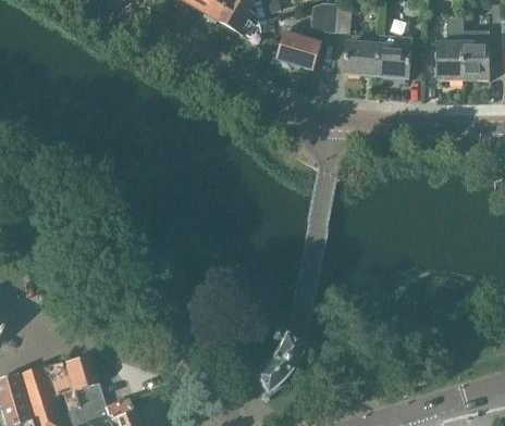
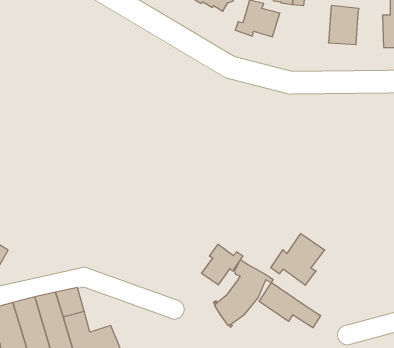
building: [344,41,379,75] -> none
building: none -> [271,234,325,285]
building: none -> [202,244,243,285]
building: none -> [259,283,321,328]

